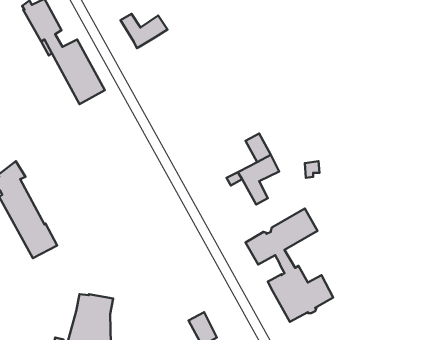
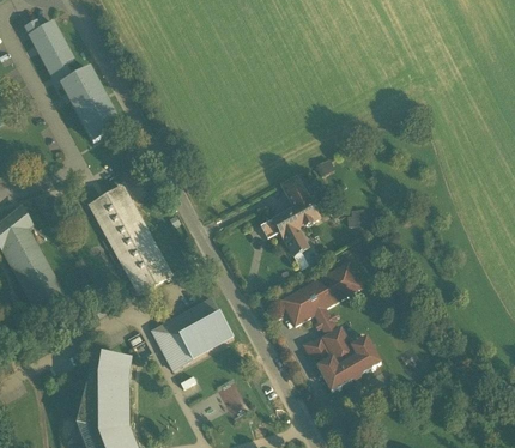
building: [121,14,167,48] -> none
building: none -> [90,189,166,290]
building: none -> [152,297,232,369]

